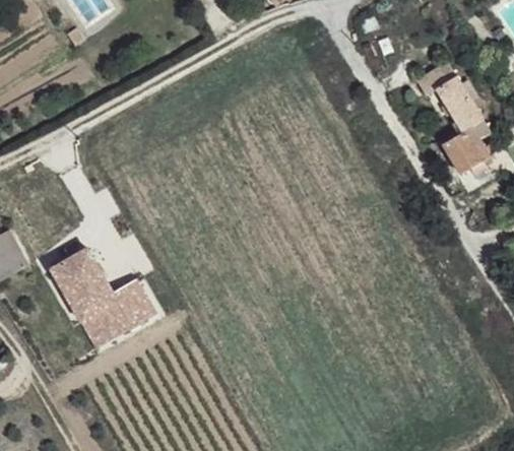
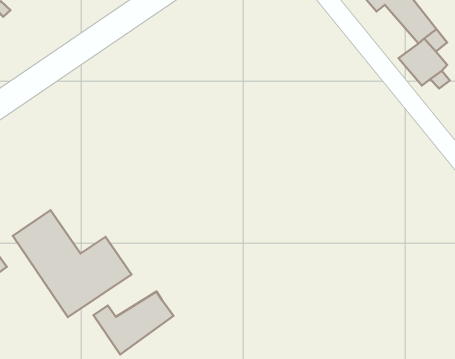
building: none -> [94,291,174,355]

